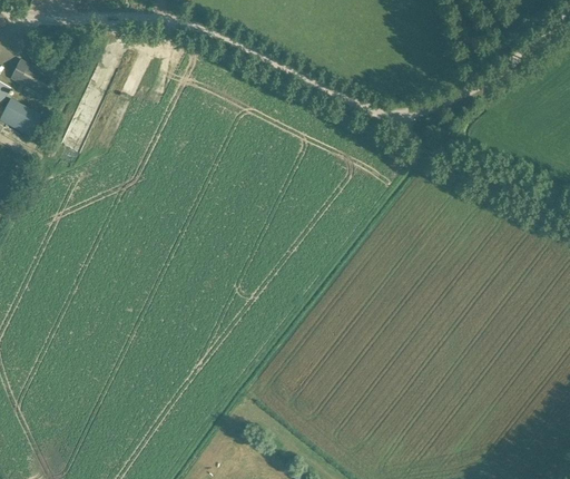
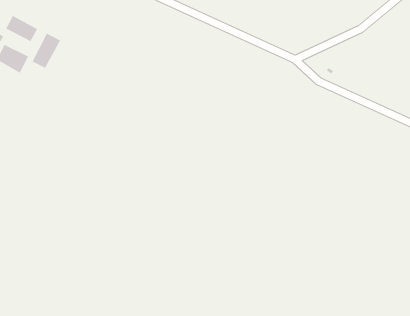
building: none -> [32,33,61,69]

